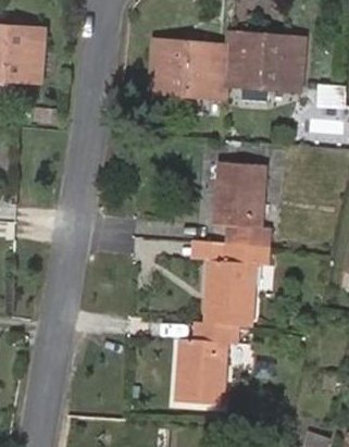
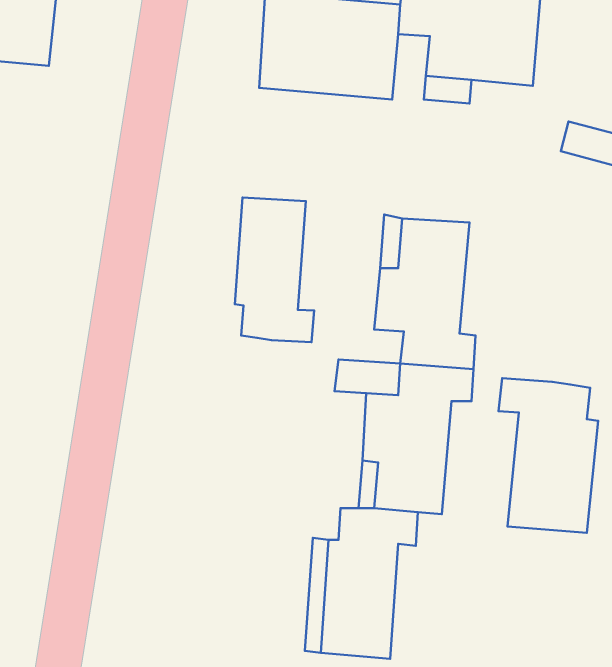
building: none -> [235,197,314,342]
building: none -> [498,378,598,533]

